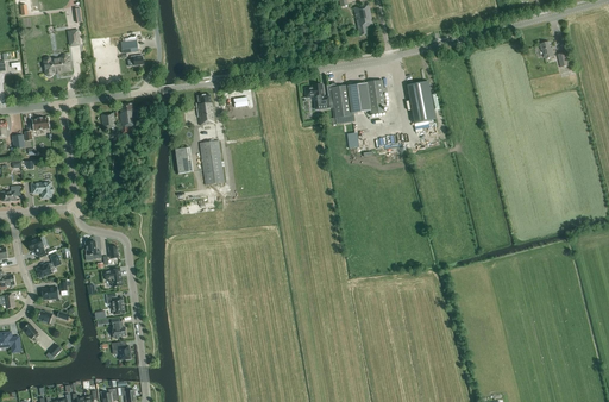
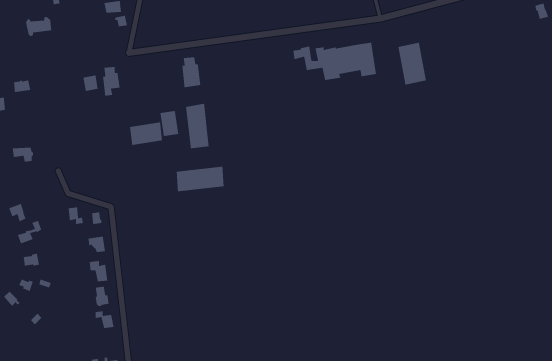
building: none -> [129,122,163,146]
building: none -> [176,166,225,192]

